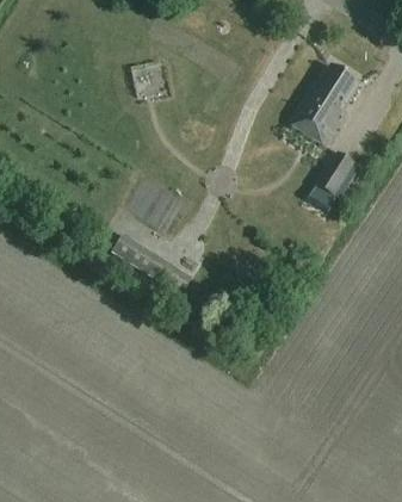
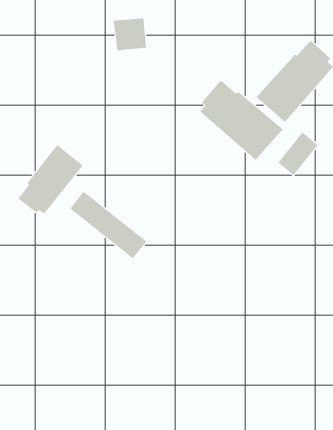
building: none -> [199,79,283,161]
building: none -> [17,144,83,215]

